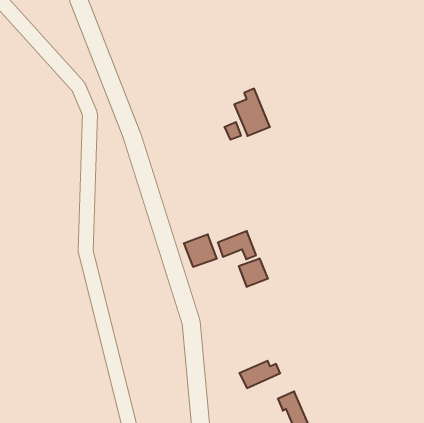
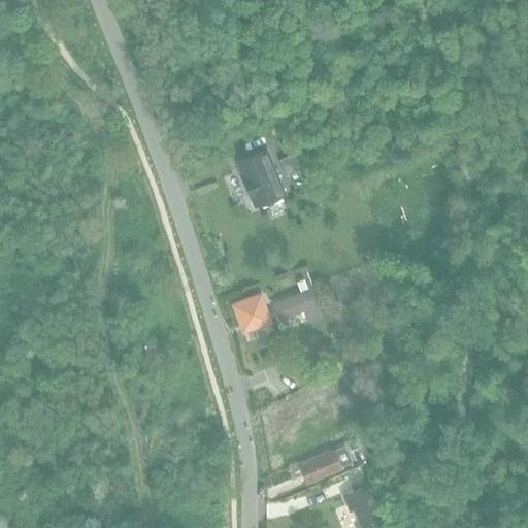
building: [234,89,270,136] -> [240,145,285,204]
building: [239,258,268,287] -> none

